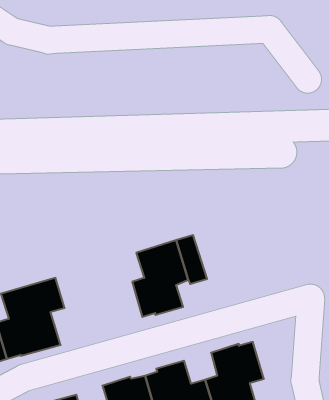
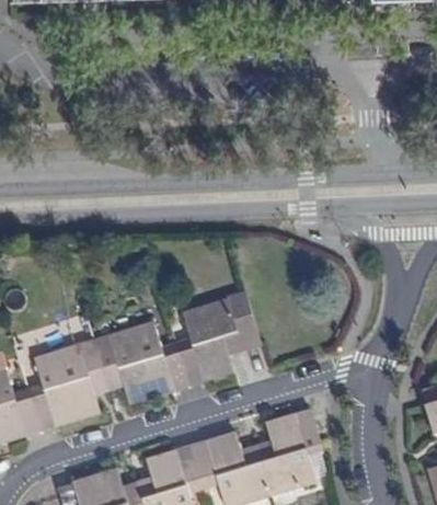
building: none -> [94,322,189,404]

